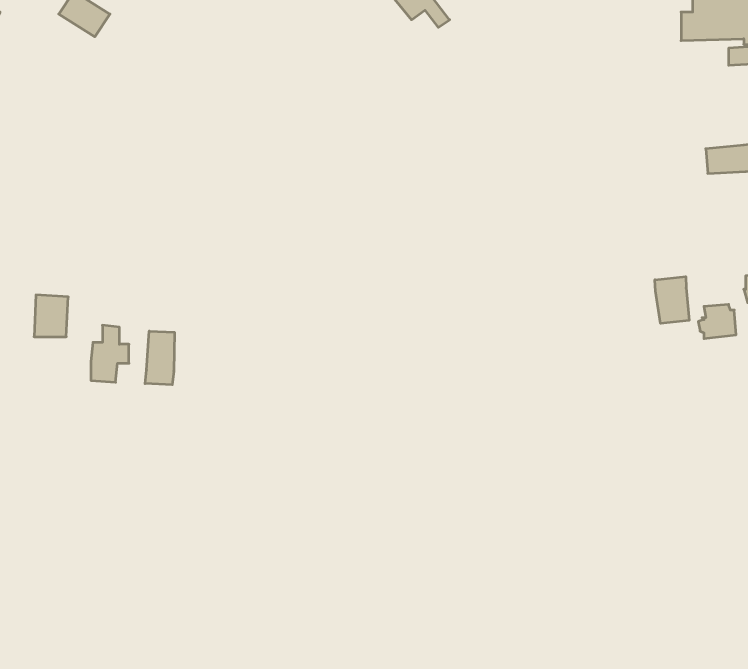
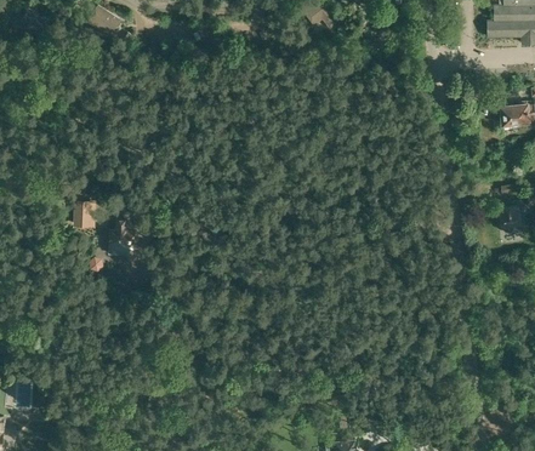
building: [655,277,689,323] -> none
building: [145,331,174,385] -> none

